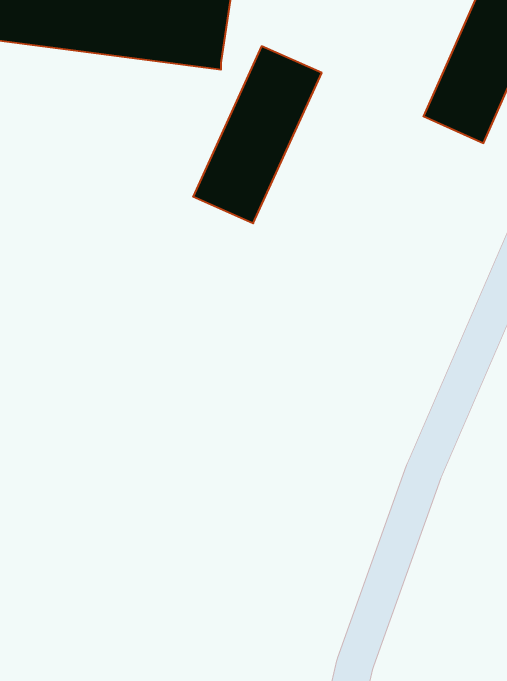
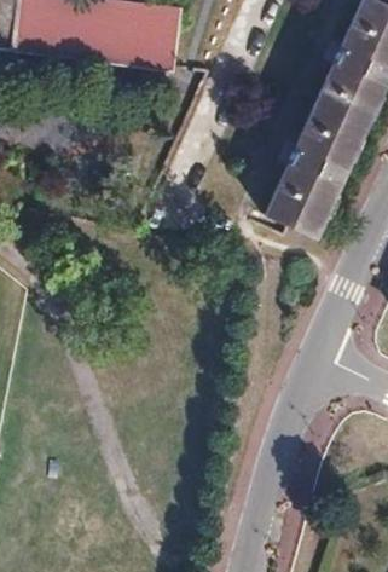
building: [193,46,322,223] -> [268,104,361,232]

